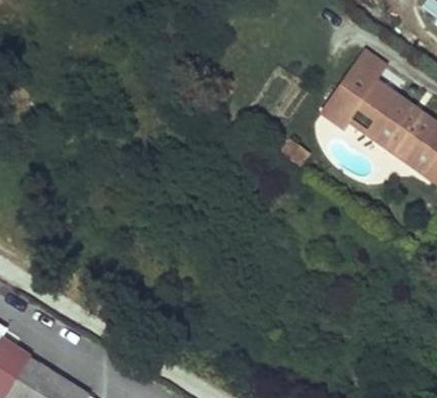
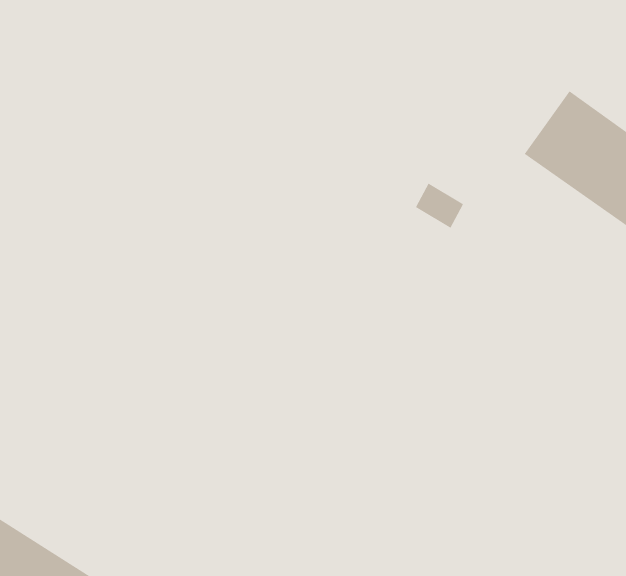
building: [323,67,376,129] -> none

